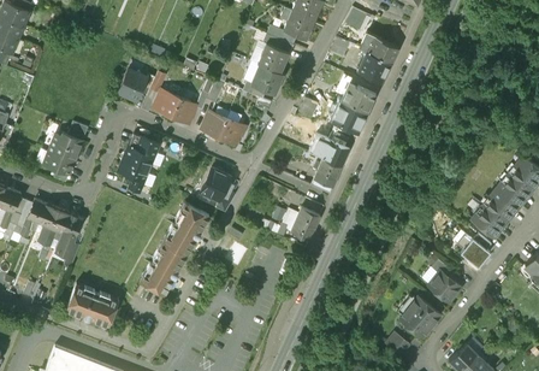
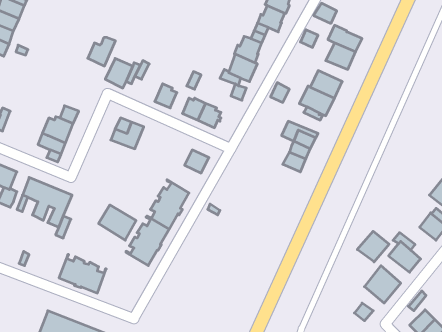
building: [153,86,183,117] -> [88,37,115,66]
building: [118,159,149,193] -> none
building: [290,208,320,241] -> none
building: none -> [99,205,136,240]
building: none -> [357,231,389,262]

